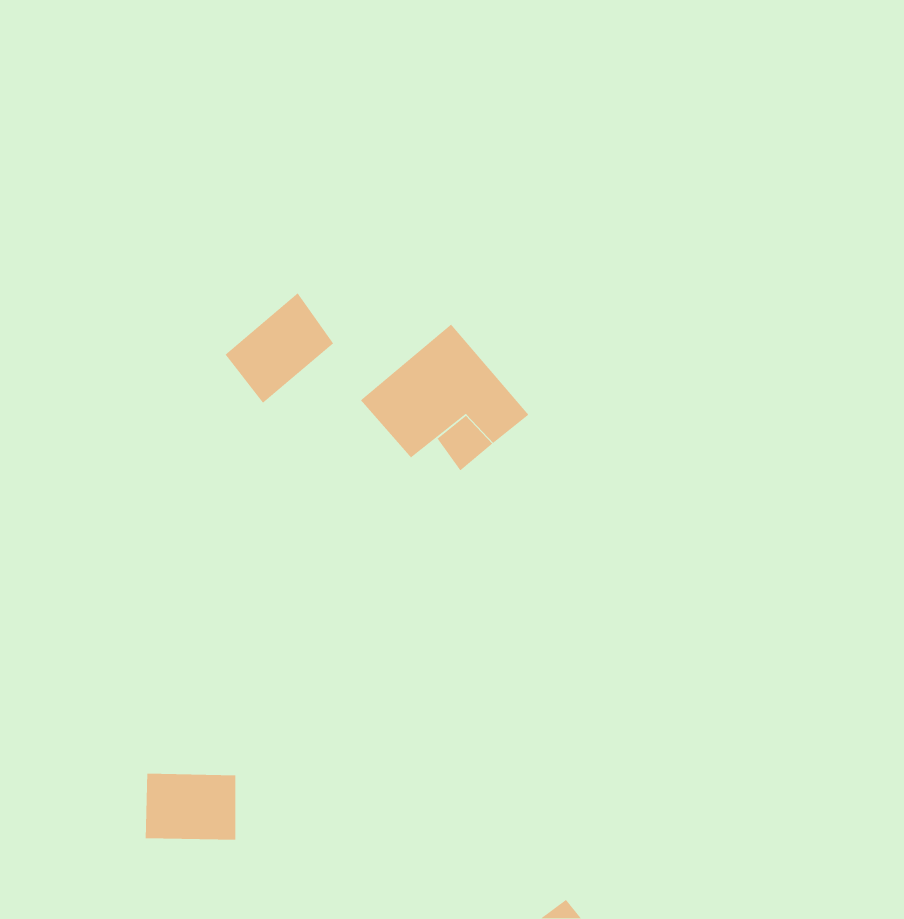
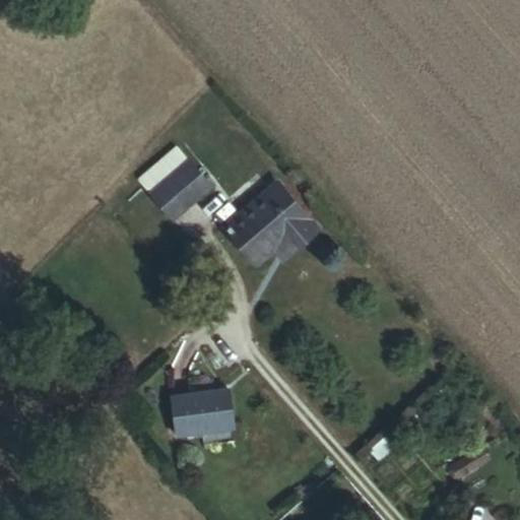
building: [145,773,236,841] -> [185,397,236,435]

